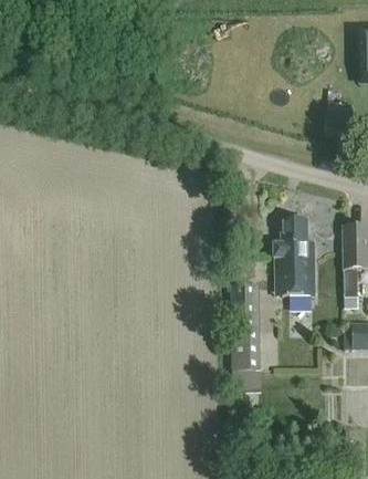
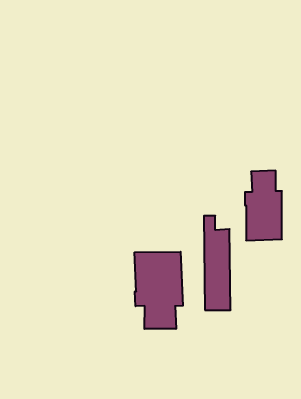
building: none -> [135,252,183,329]

